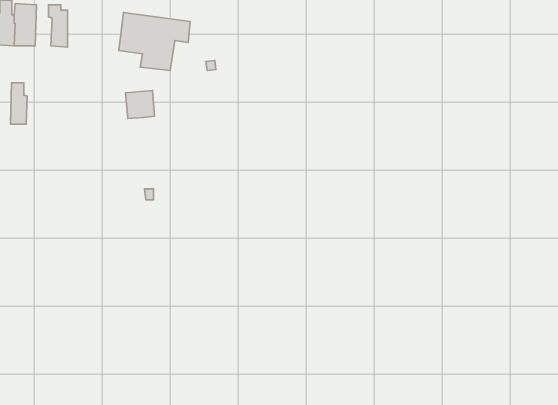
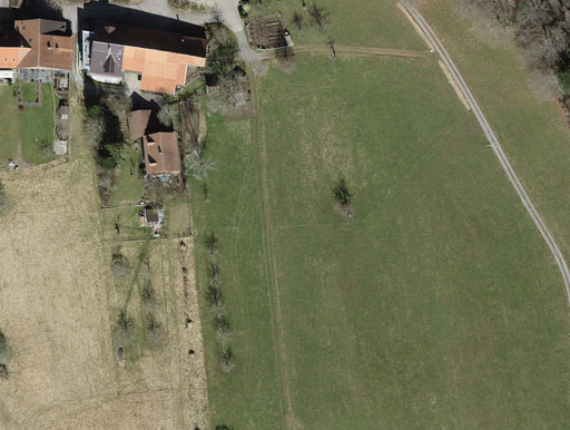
building: none -> [82,28,127,74]
building: [10,83,27,124] -> [39,25,56,66]
building: none -> [147,135,176,179]

